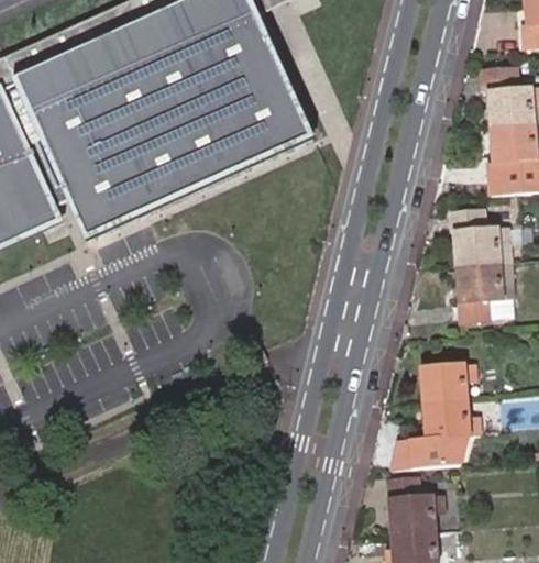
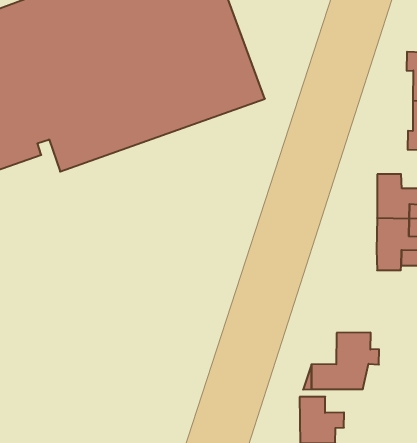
building: [419,364,469,402] -> none

